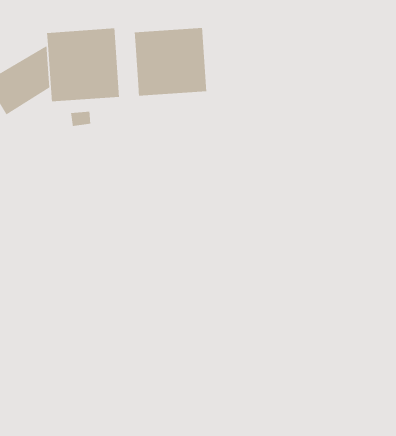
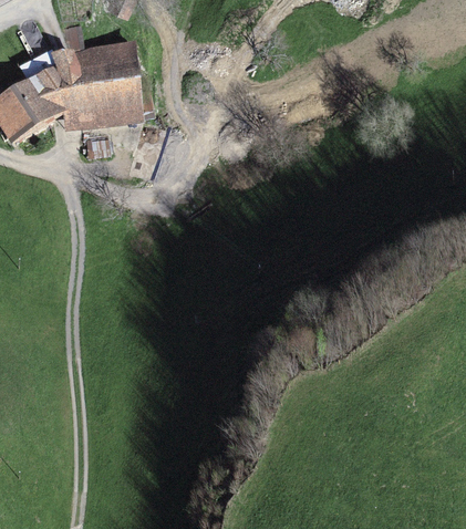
building: [134,27,207,96] -> none

